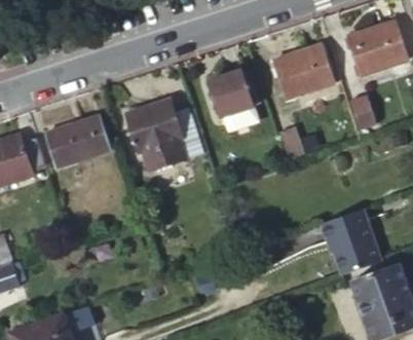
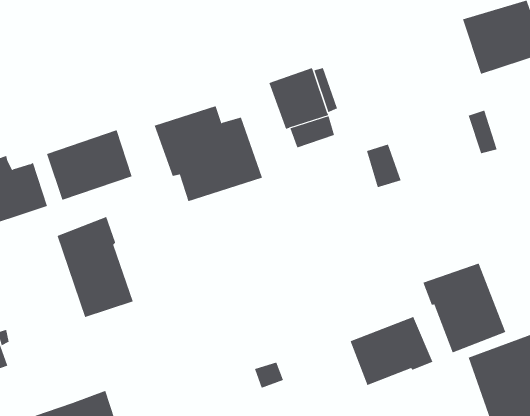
building: [272,45,329,98] -> none
building: none -> [57,216,133,318]
building: none -> [350,316,433,386]

